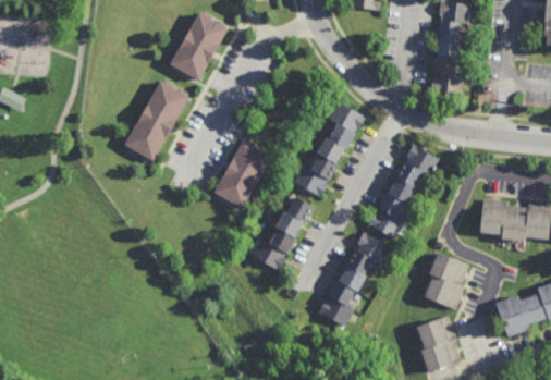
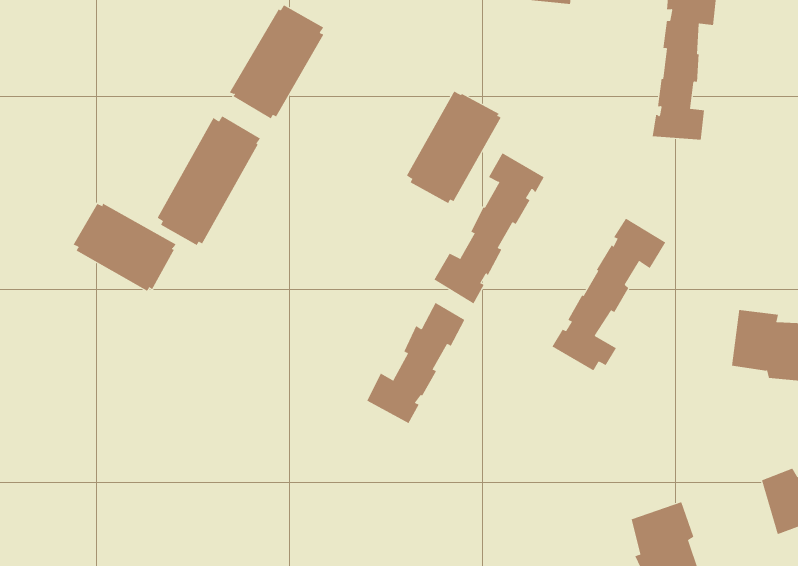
building: none -> [73,203,176,292]
building: [213,138,272,208] -> [406,91,501,204]
building: [319,231,389,327] -> none
building: [425,255,468,311] -> none

